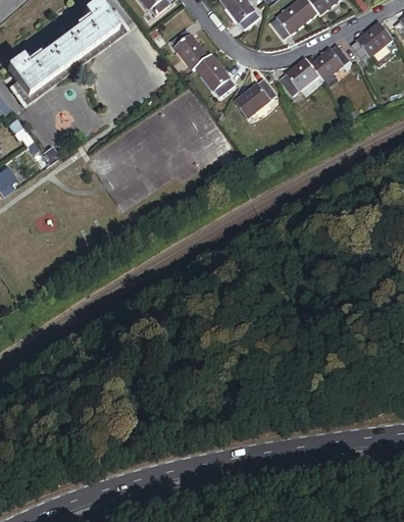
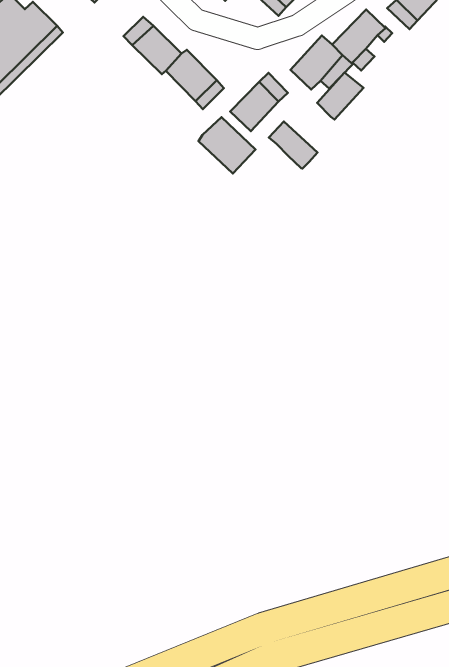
building: none -> [317,73,364,120]
building: none -> [198,117,256,174]
building: none -> [269,121,317,168]

